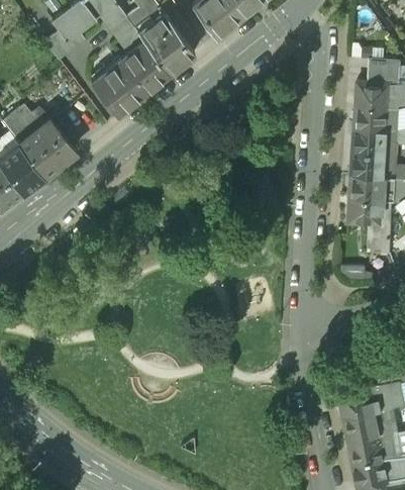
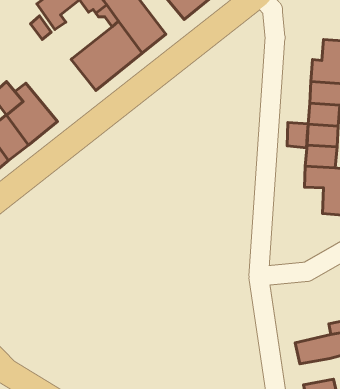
building: none -> [287,123,308,148]
building: [343,414,381,444] -> none

